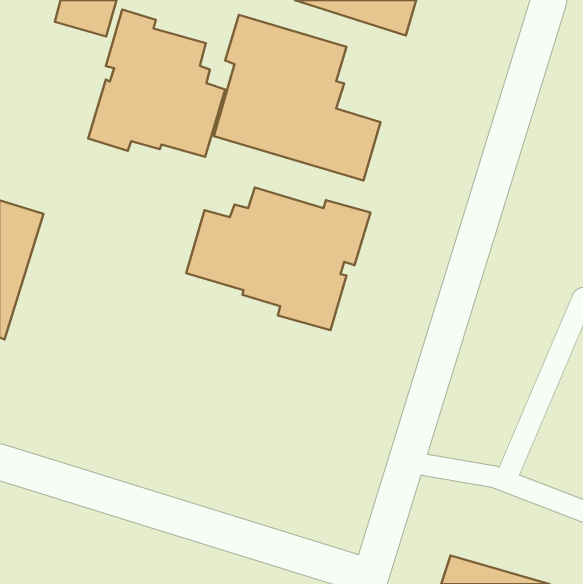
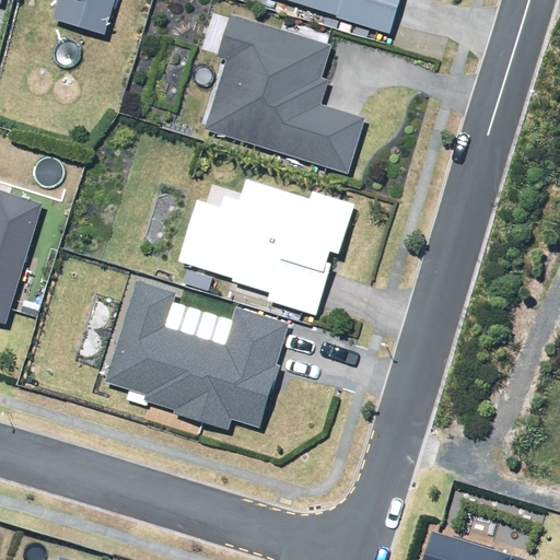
building: [88,9,225,157] -> none
building: none -> [104,280,287,431]

